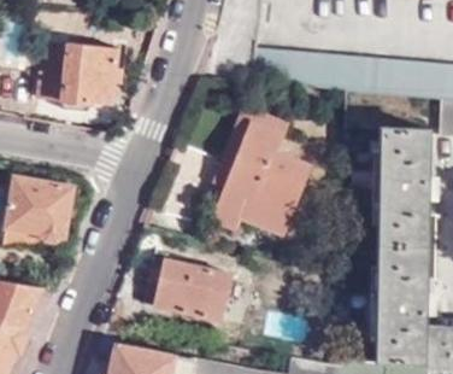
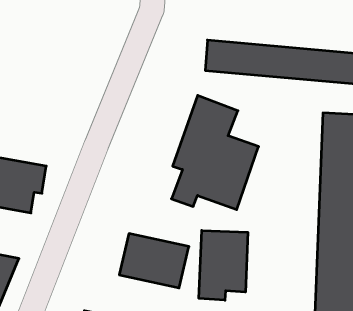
building: [37,40,127,111] -> none
building: none -> [199,230,248,300]

